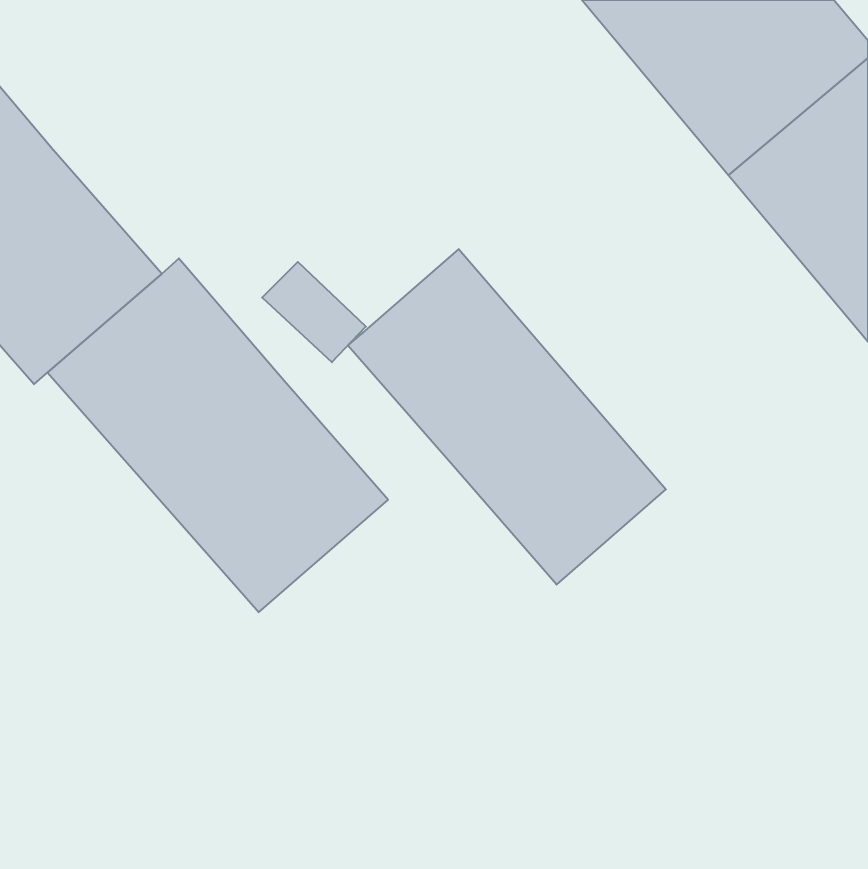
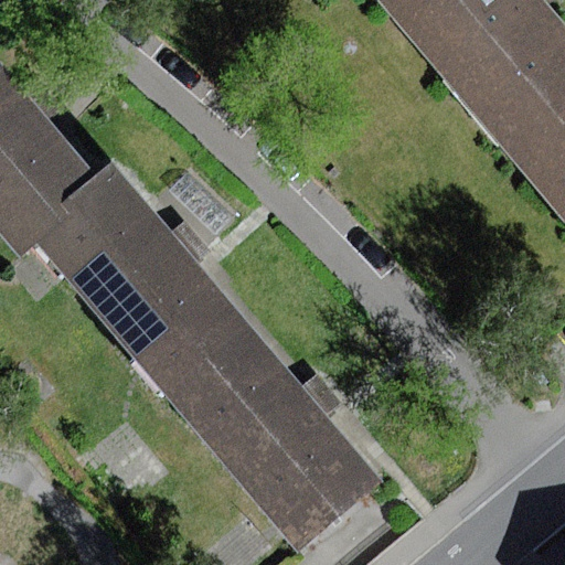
building: [348,249,666,585] -> none
building: none -> [168,324,386,552]

